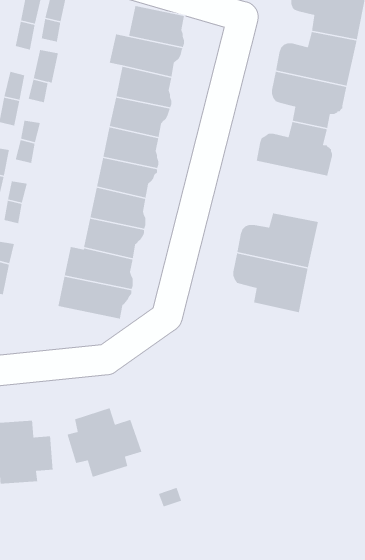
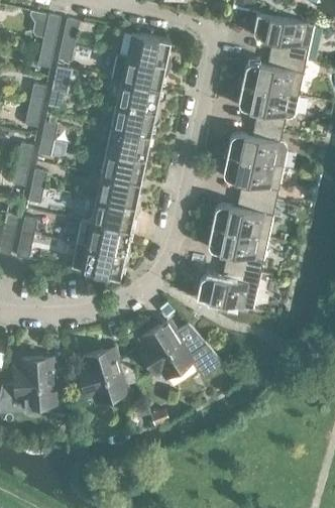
building: none -> [222,155,282,203]
building: none -> [195,266,259,310]
building: none -> [138,322,222,378]

